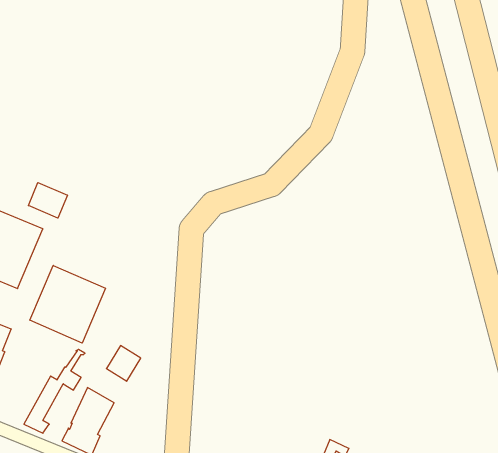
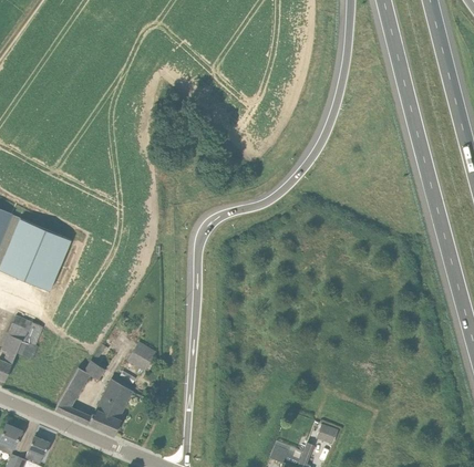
building: [28,183,67,218] -> none
building: [30,265,105,343] -> none

